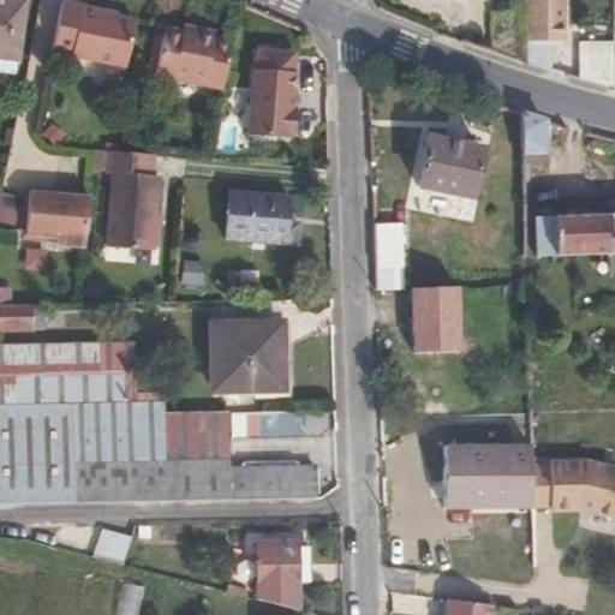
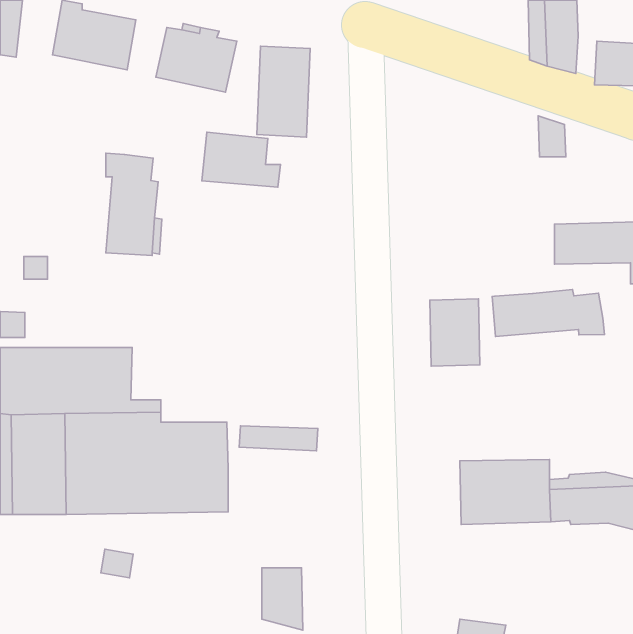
building: [422,138,483,196] -> none
building: [225,192,300,245] -> [202,132,280,187]
building: [23,203,86,250] -> none
building: [375,225,405,288] -> none
building: none -> [492,289,605,336]
building: [210,322,280,387] -> none
building: [223,448,312,496] -> none

